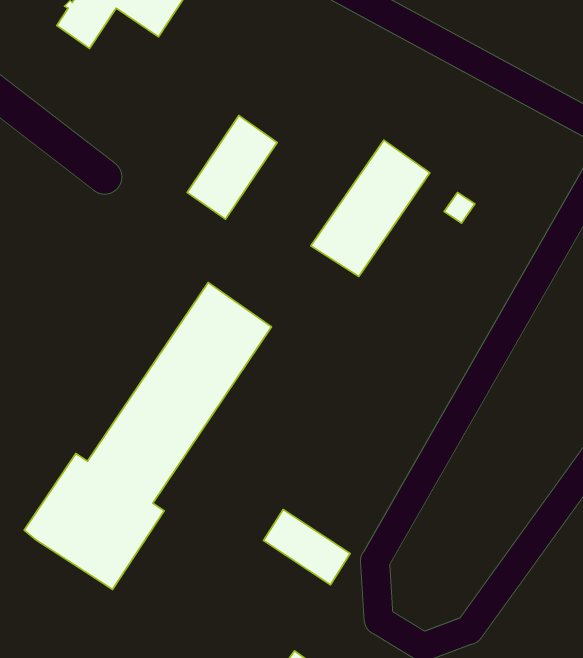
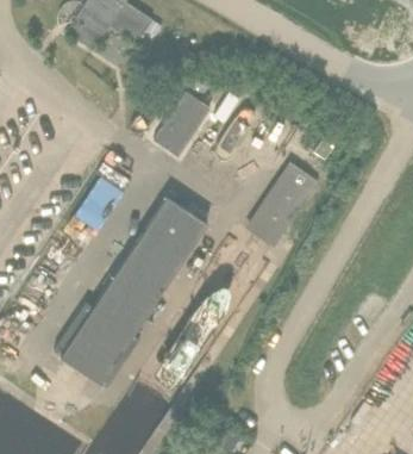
building: [311,140,430,276] -> [245,163,319,248]
building: [263,510,350,585] -> none

